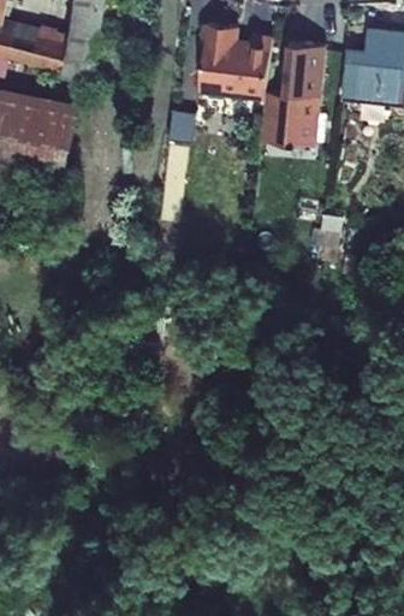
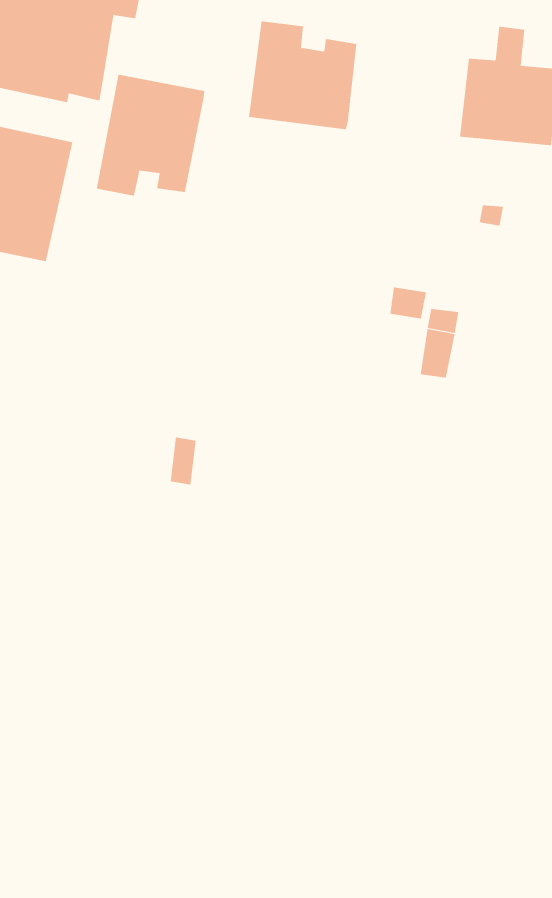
building: [259,42,323,144] -> none
building: none -> [96,74,205,197]

